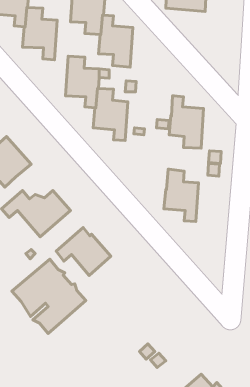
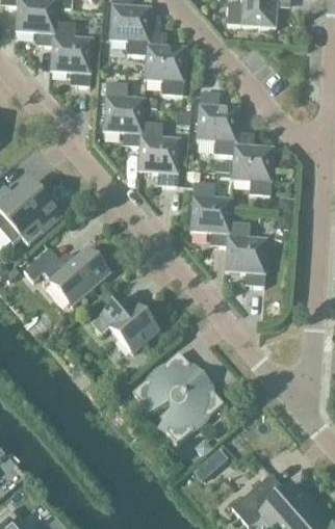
building: none -> [197,91,238,156]
building: none -> [190,182,232,246]
building: [12,259,86,333] -> [132,351,224,443]

